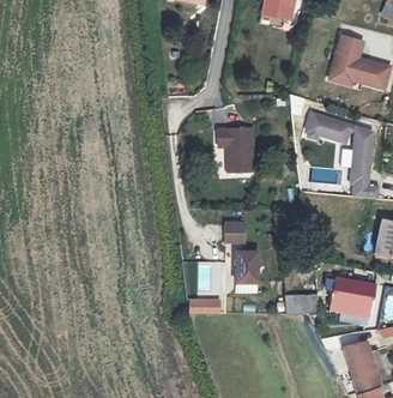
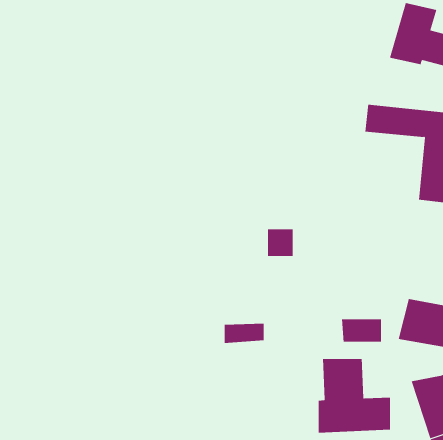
building: [219,121,255,165] -> none
building: [235,243,259,277] -> none
building: none -> [318,358,391,434]

